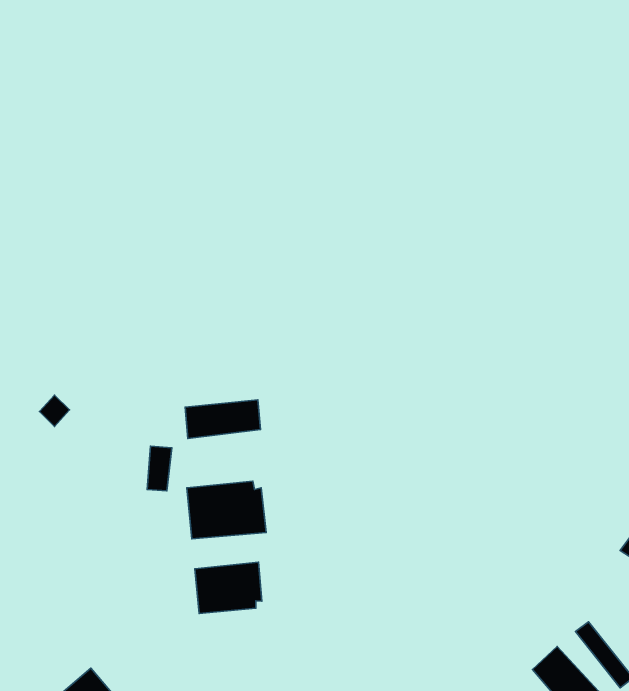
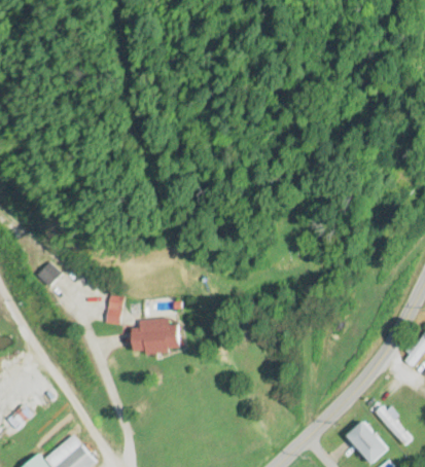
building: [185,400,261,438] -> none
building: [195,562,262,613] -> none

